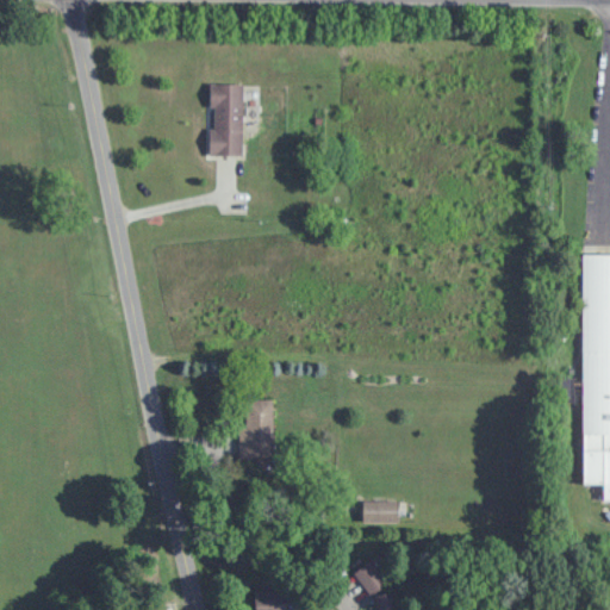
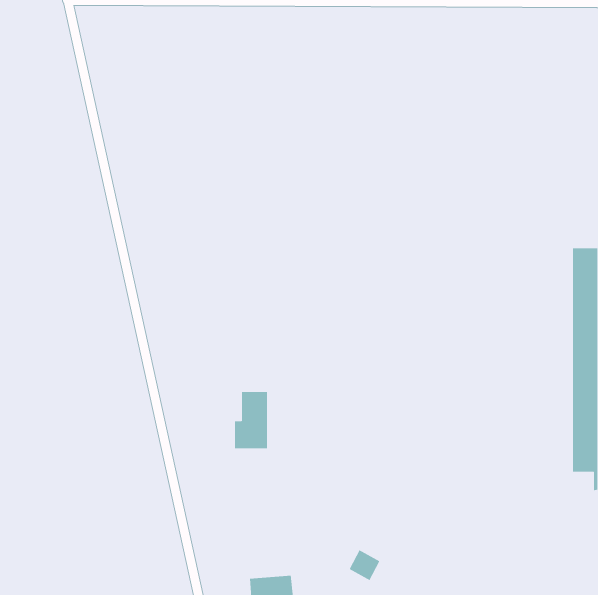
building: [208,85,242,157] -> none
building: [362,503,397,523] -> none

